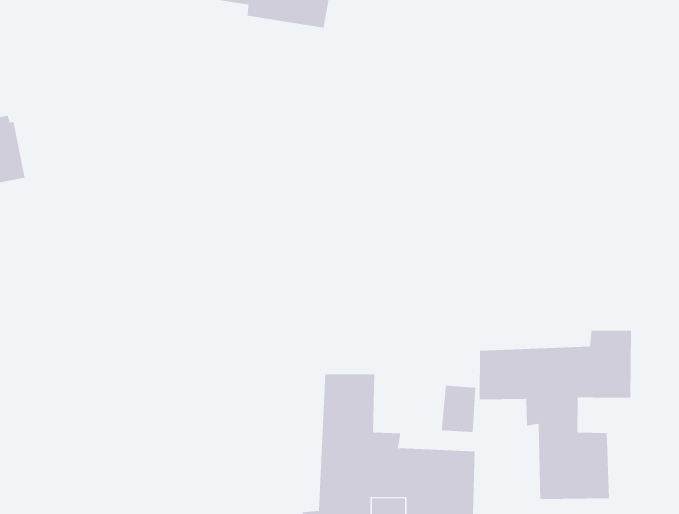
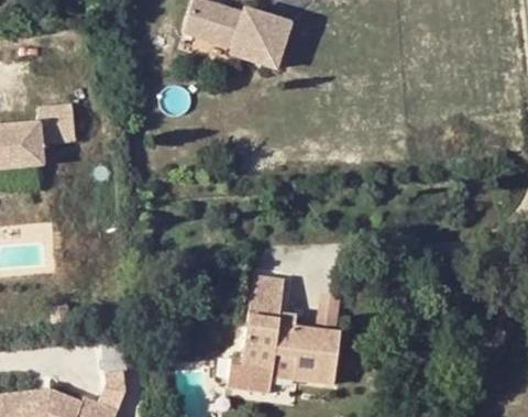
building: [479,330,632,500] -> none

